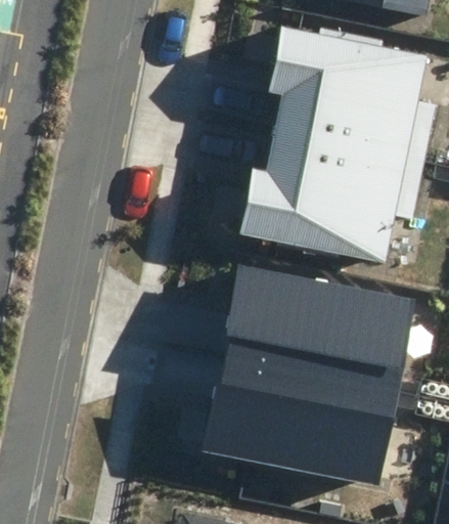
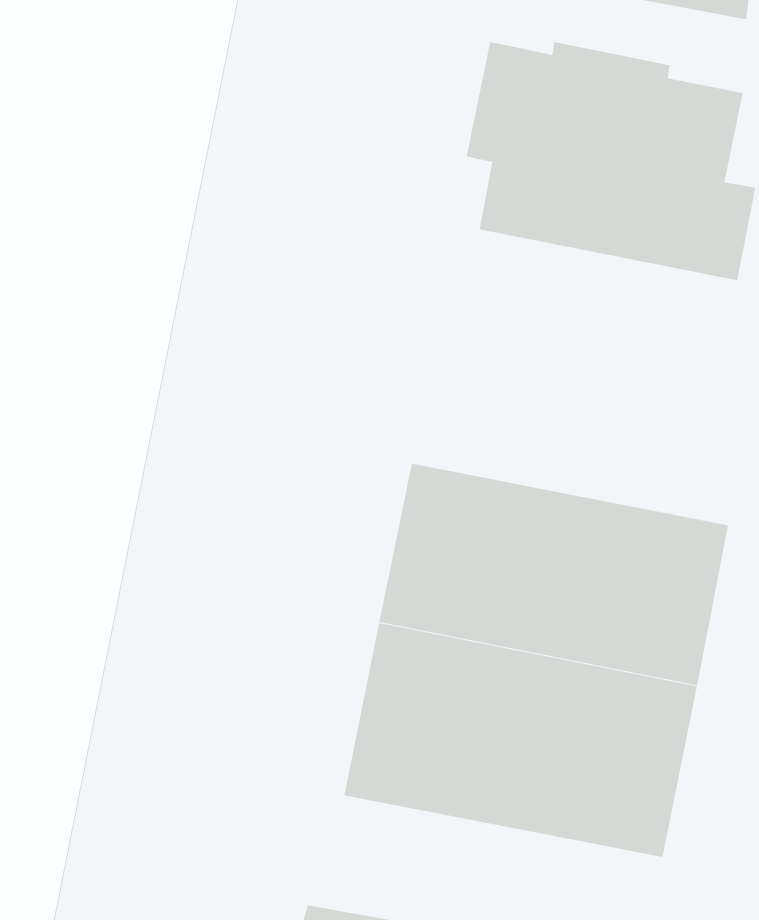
building: [240,133,421,262] -> none

